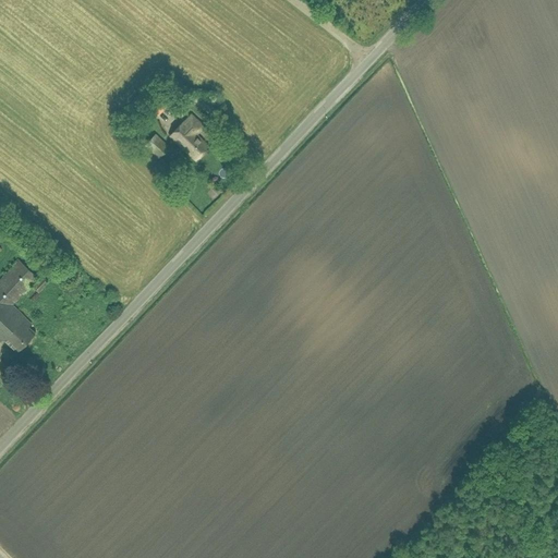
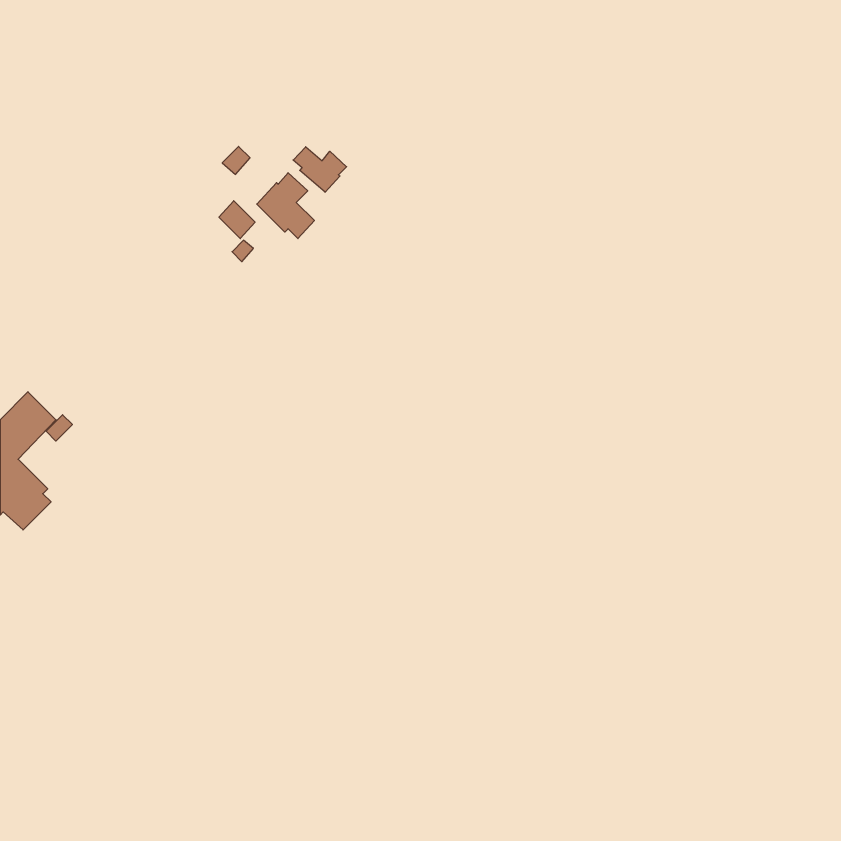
building: none -> [293,147,347,192]

